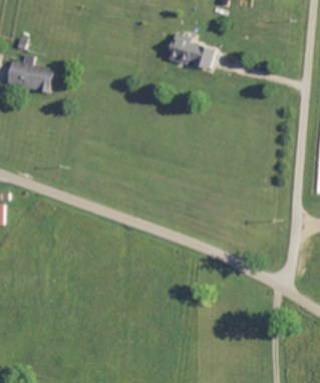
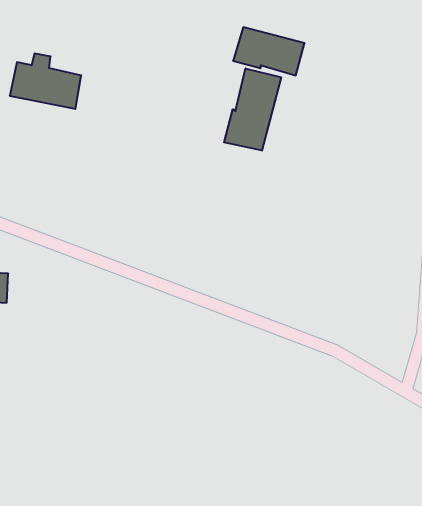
building: none -> [224,68,281,151]

